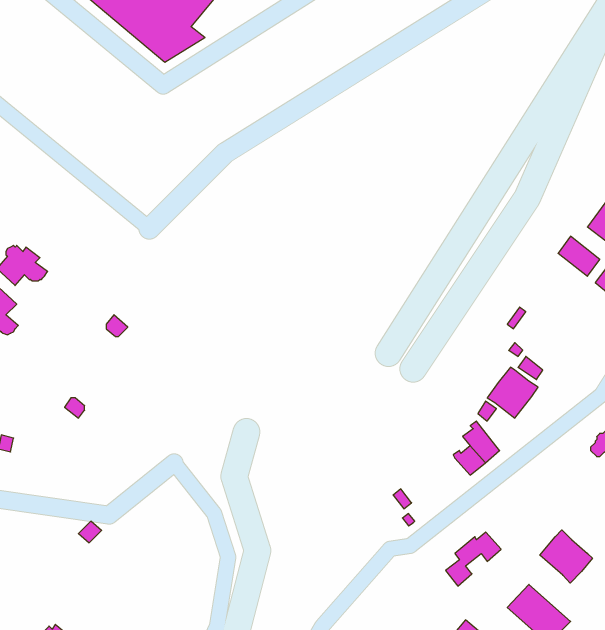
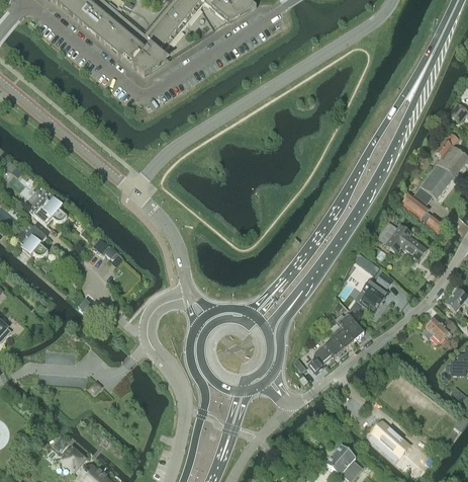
building: none -> [377,221,427,259]
building: [540,530,592,583] -> none
building: [446,532,501,586] -> [307,338,344,374]

